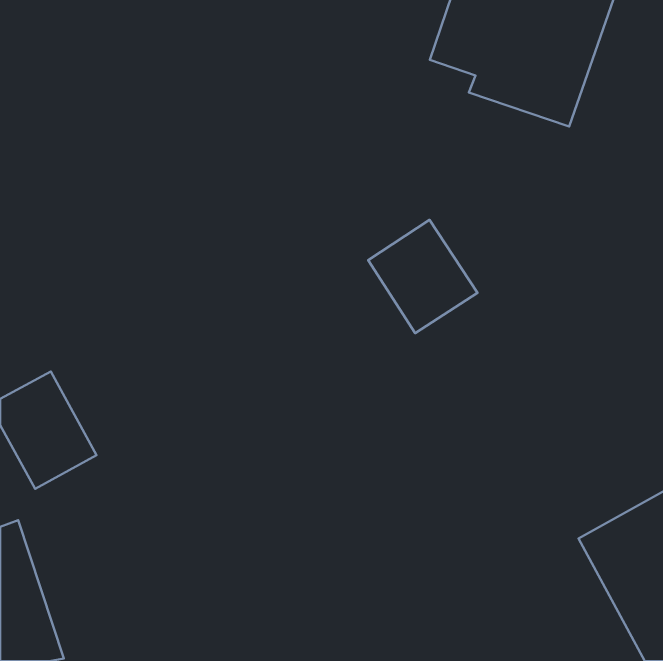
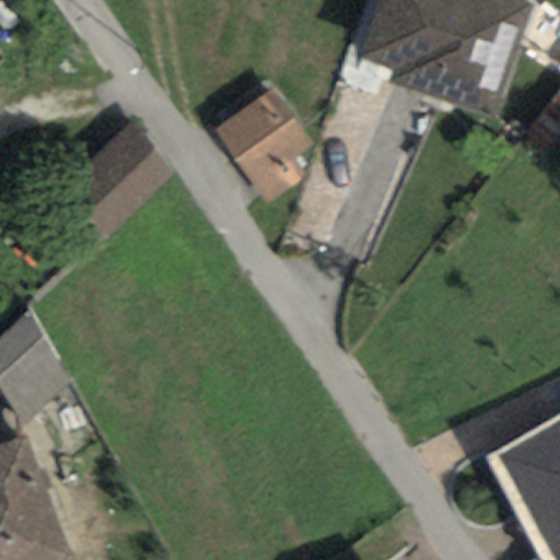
building: none -> [59,132,162,234]
building: [368,220,478,333] -> [218,96,310,191]

